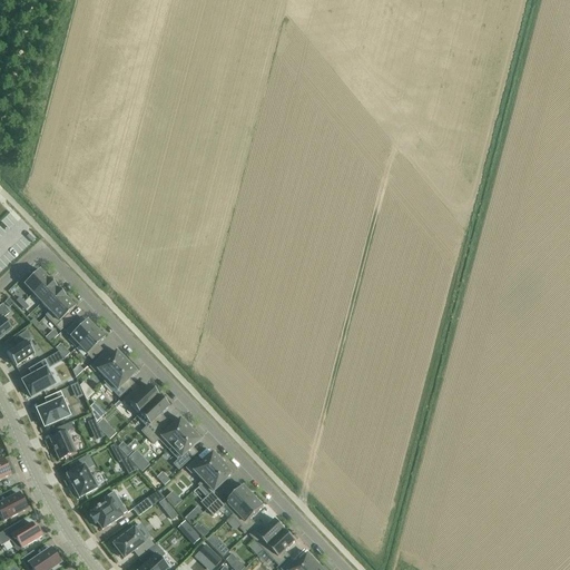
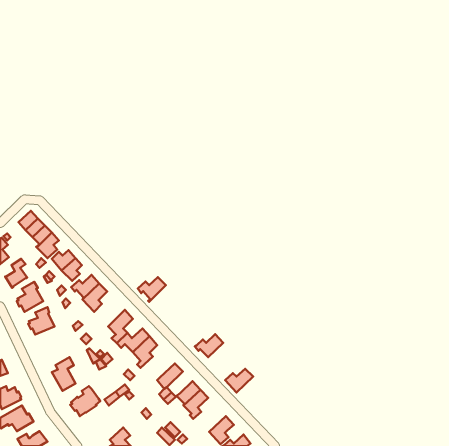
building: [122,383,158,414] -> [138,277,166,302]
building: [49,421,76,458] -> none
building: [186,450,222,479] -> [195,334,223,357]
building: [250,518,286,548] -> [225,369,253,392]
building: [112,523,153,557] -> none

